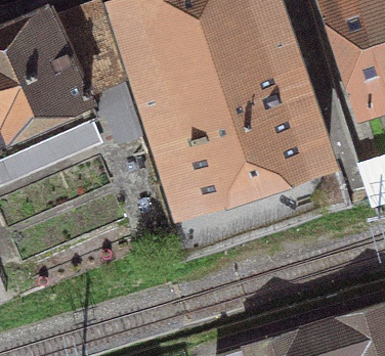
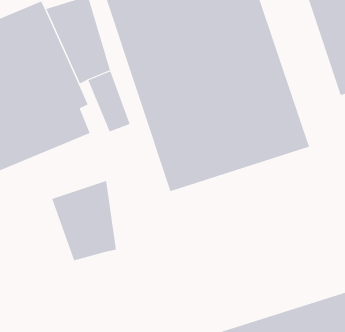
building: none -> [51,180,116,261]

